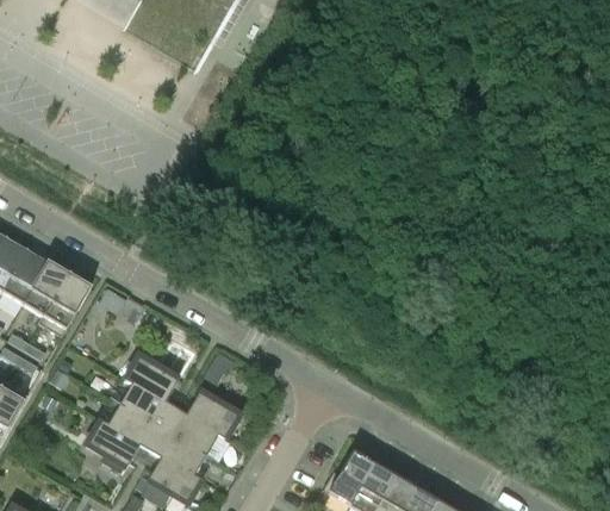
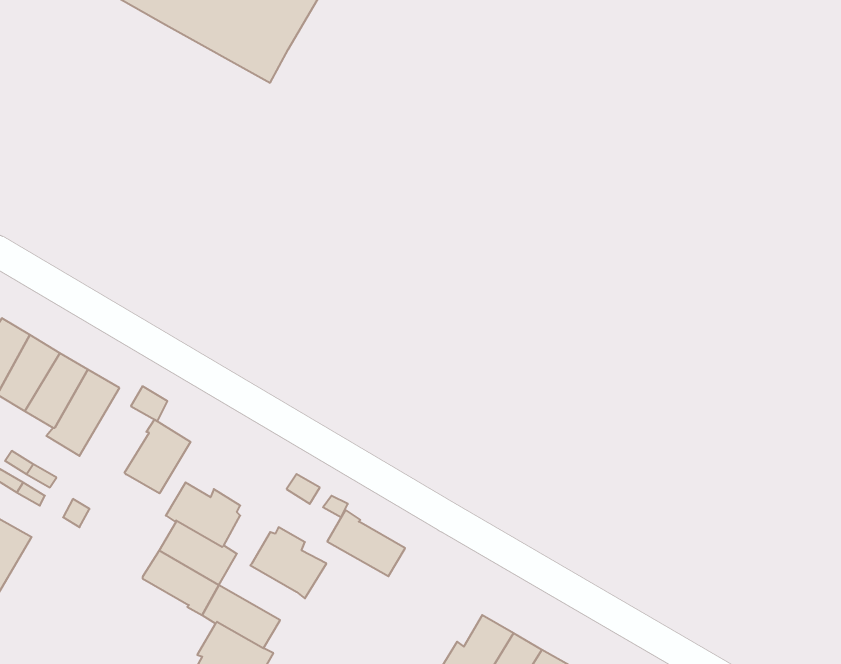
building: none -> [125,419,190,493]
building: [161,406,217,454] -> [327,510,405,576]
building: [86,419,139,471] -> none

